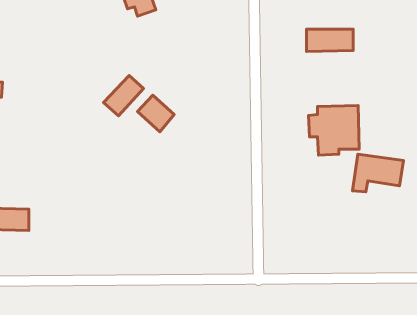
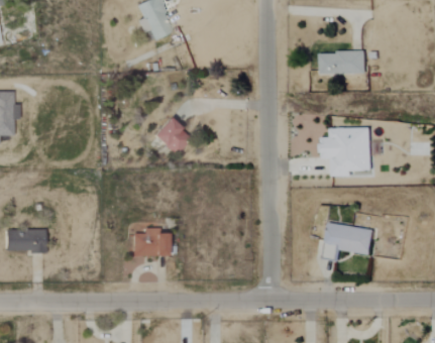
building: [104,75,144,116] -> none
building: [353,154,403,192] -> [324,223,374,260]
building: none -> [129,229,166,256]

